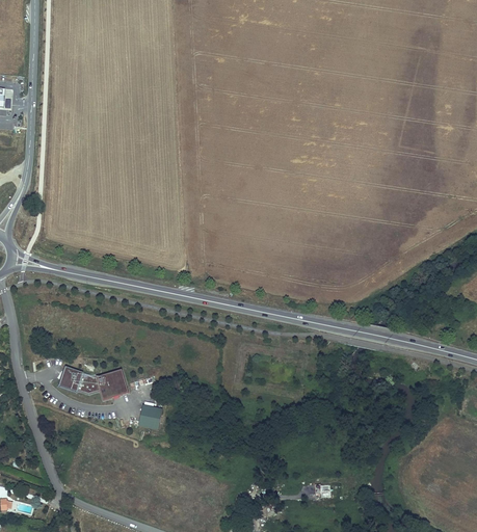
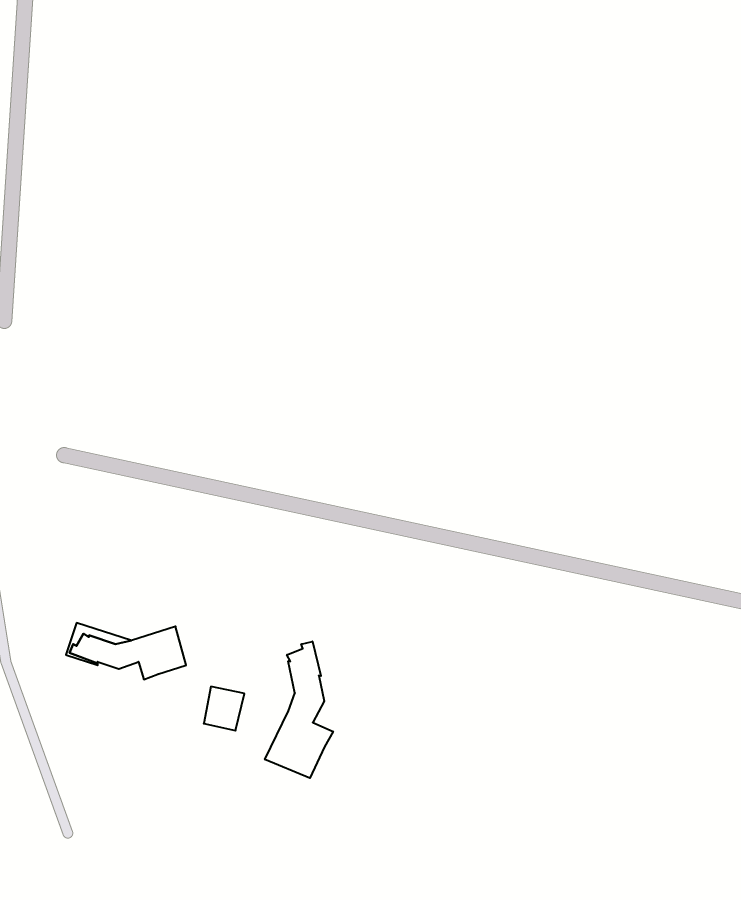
building: none -> [265,641,333,778]

